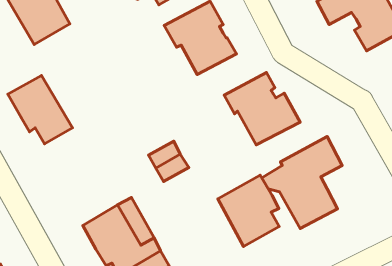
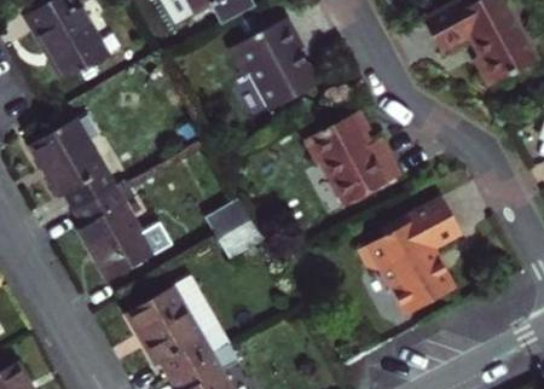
building: none -> [75,175,151,277]
building: [218,175,279,246] -> none

